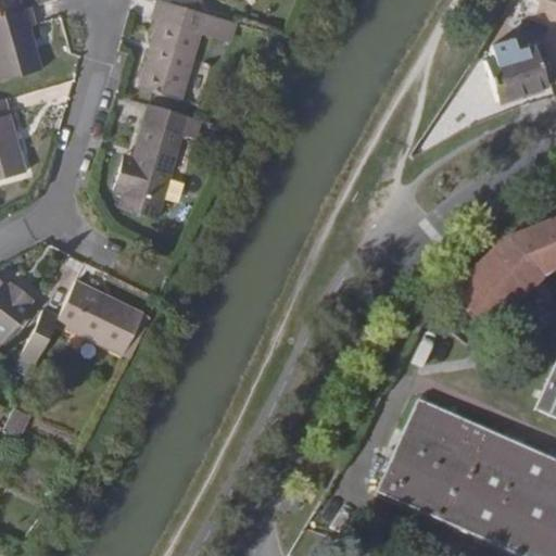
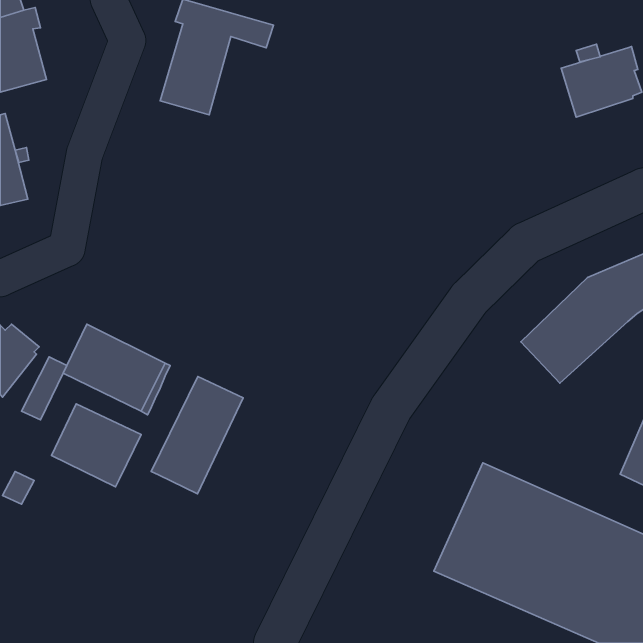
building: [113,103,201,217] -> none
building: none -> [151,376,243,494]
building: none -> [52,404,141,487]

